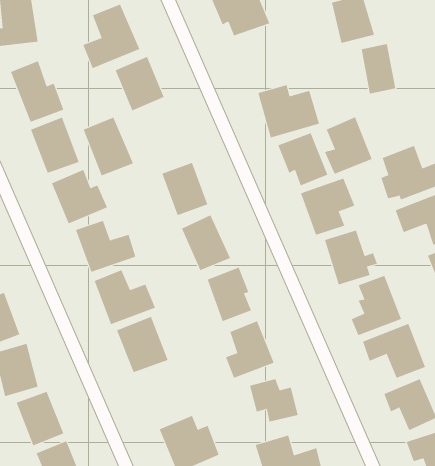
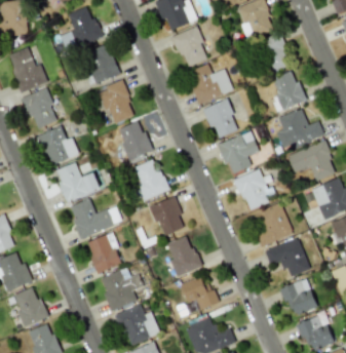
building: none -> [172,26,208,67]
building: [324,117,372,175] -> [271,70,306,112]
building: [83,117,134,176] -> [100,81,137,124]
building: none -> [101,269,143,311]

